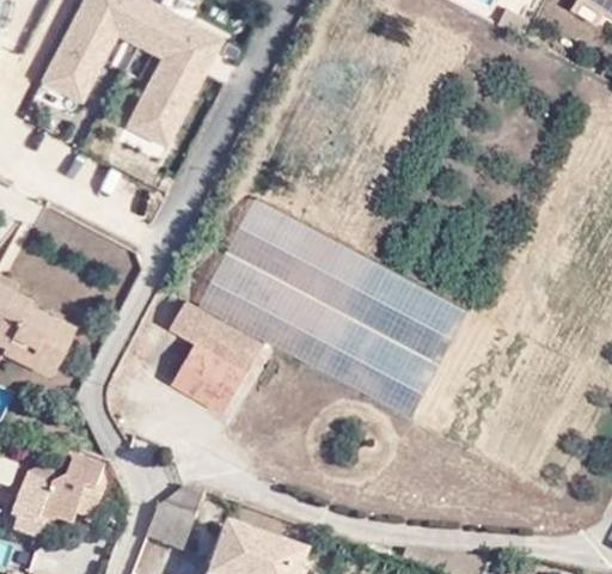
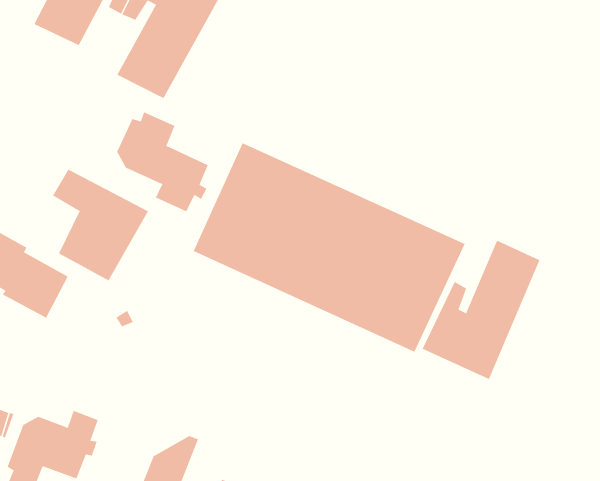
building: none -> [117,111,208,212]
building: none -> [422,240,540,380]
building: [165,298,261,409] -> [52,169,149,281]

